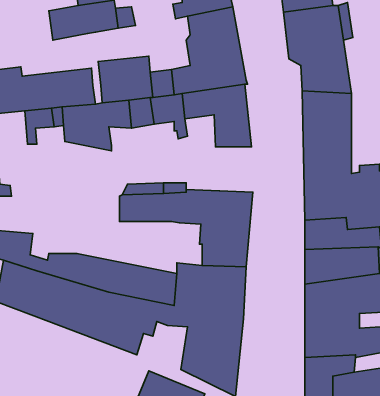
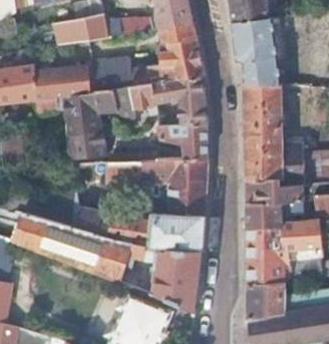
building: none -> [66,121,105,157]
building: none -> [159,124,208,159]

